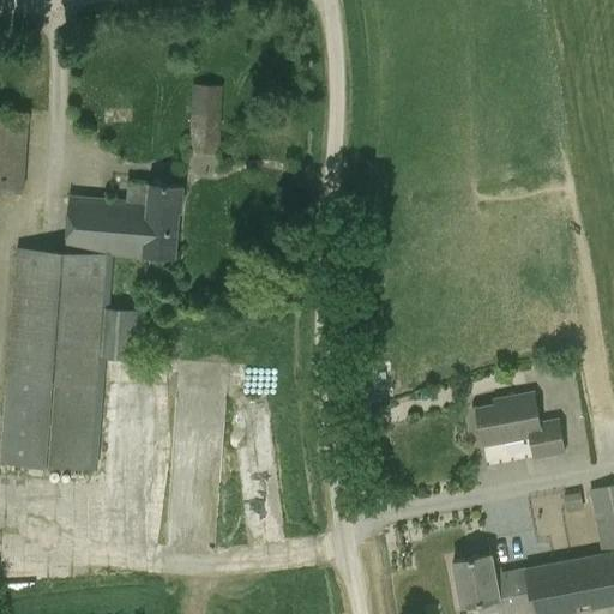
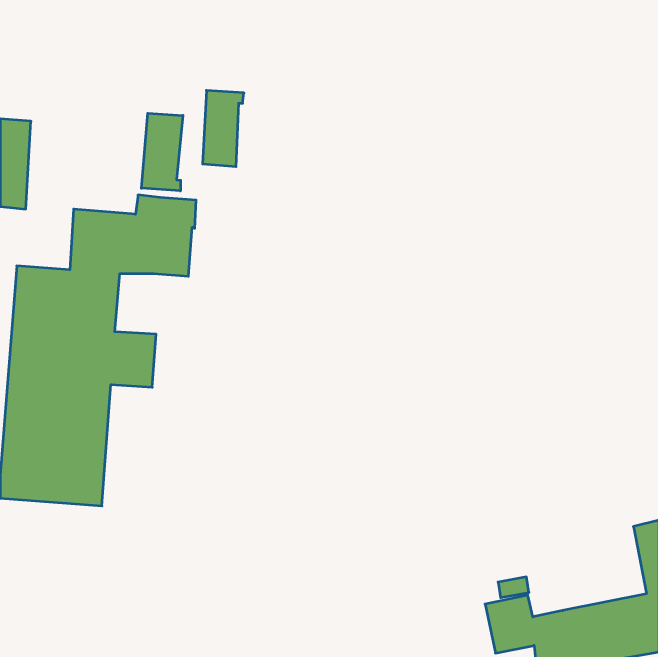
building: none -> [141,113,183,191]
building: [475,395,564,459] -> none

